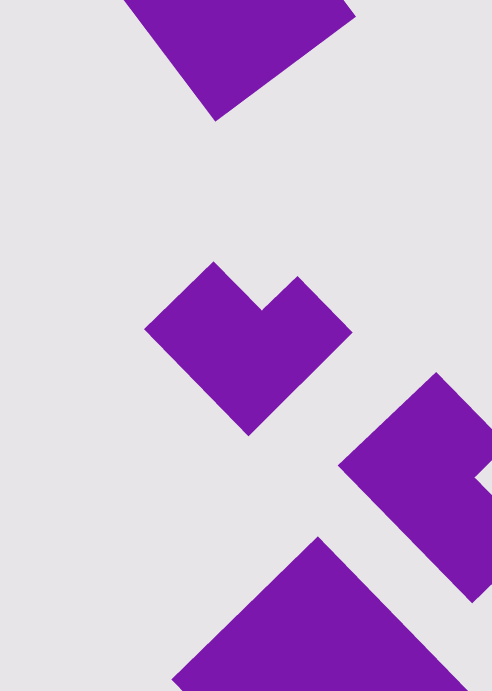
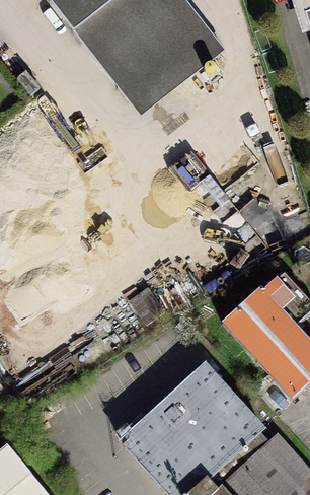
building: [143,260,354,437] -> none

